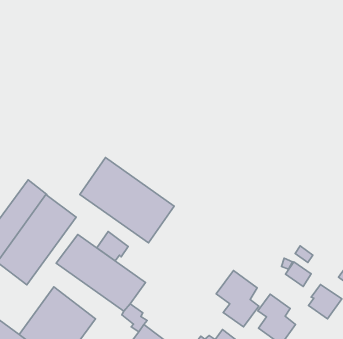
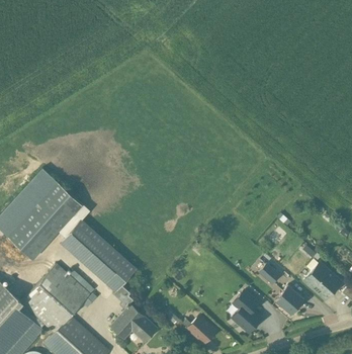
building: [80,157,174,243] -> none
building: [97,232,128,261] -> none
building: [216,270,259,327] -> none

